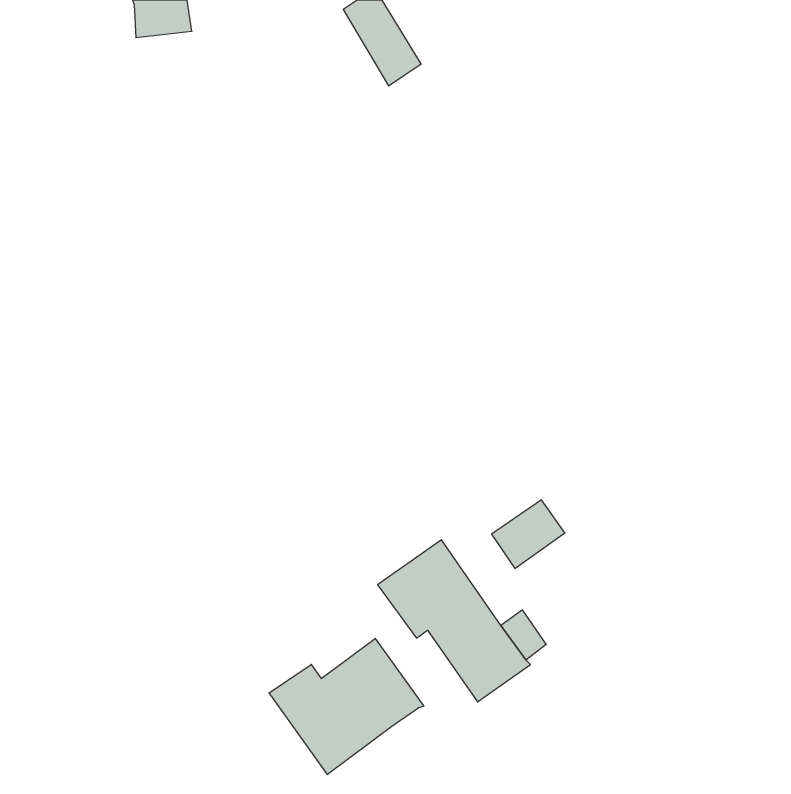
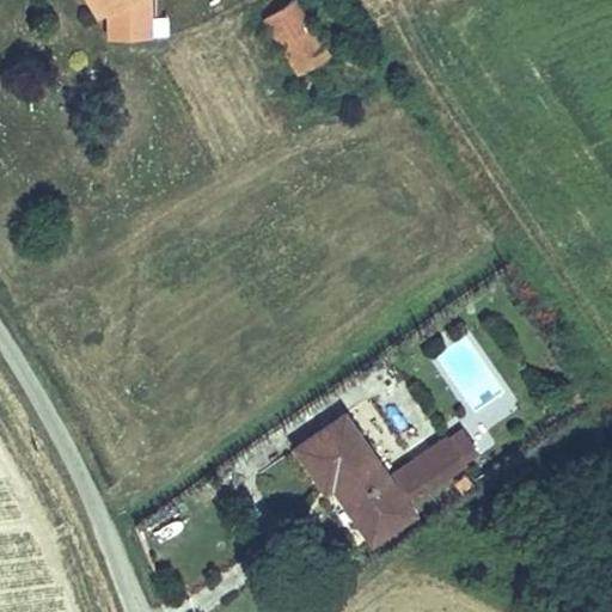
building: [492,500,565,569] -> [405,443,461,496]
building: [269,638,424,775] -> none

